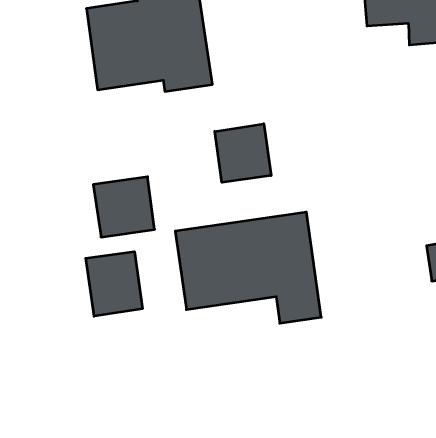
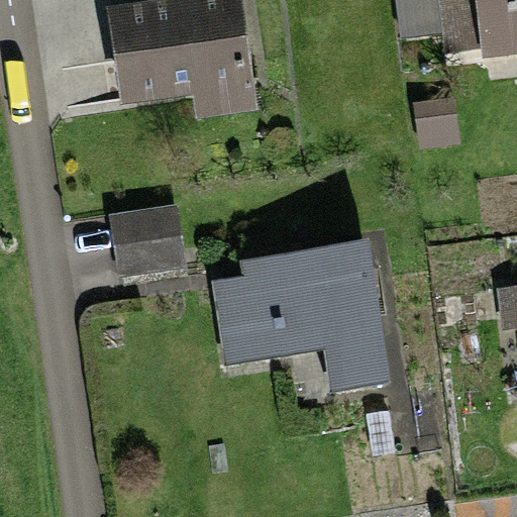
building: [215,124,271,182] -> none
building: [86,252,142,316] -> none

